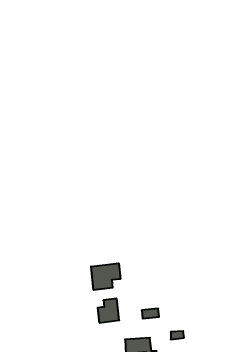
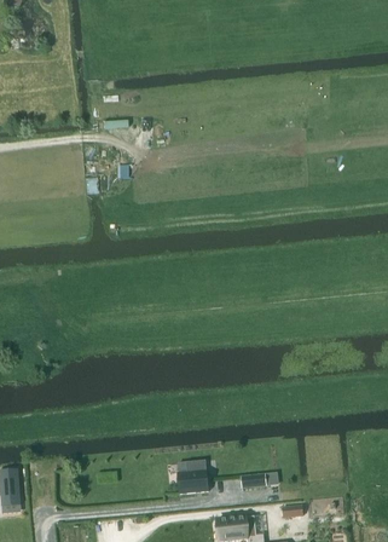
building: [91,263,120,290] -> none

